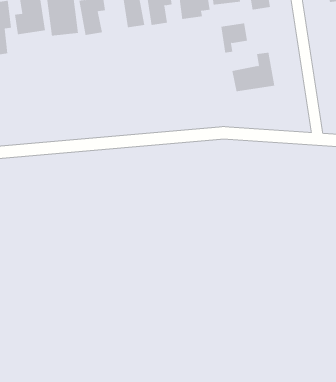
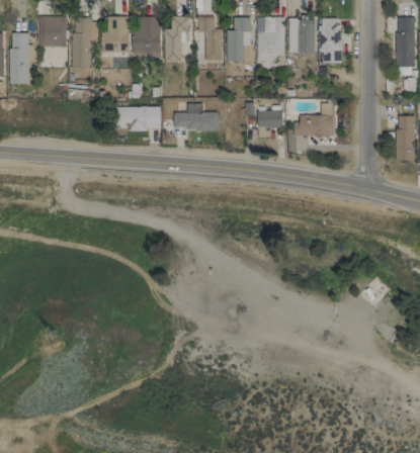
building: [220,23,248,53] -> [260,110,283,135]
building: none -> [174,103,219,129]
building: none -> [118,106,162,129]

